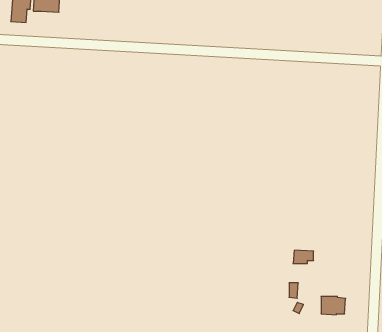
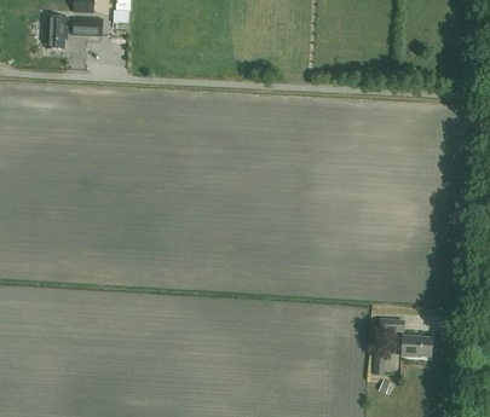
building: [321,296,346,315] -> [402,335,431,357]

